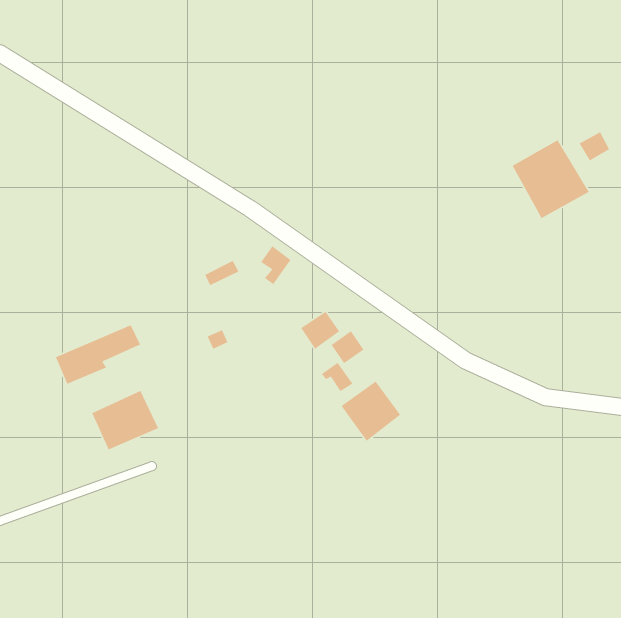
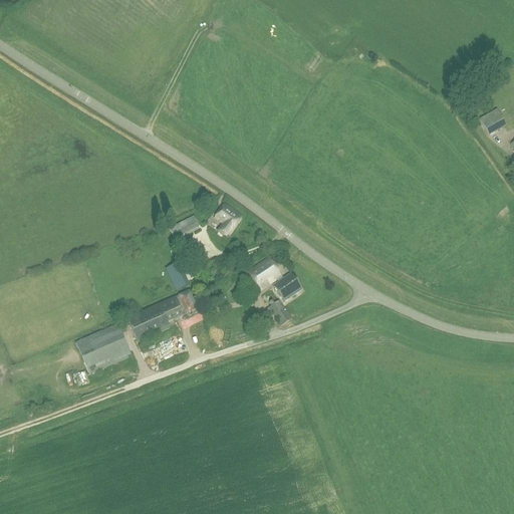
building: [511,139,590,219] -> none
building: [55,324,141,385] -> [126,289,198,339]
building: [341,380,401,442] -> none

